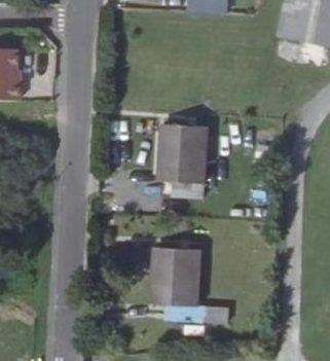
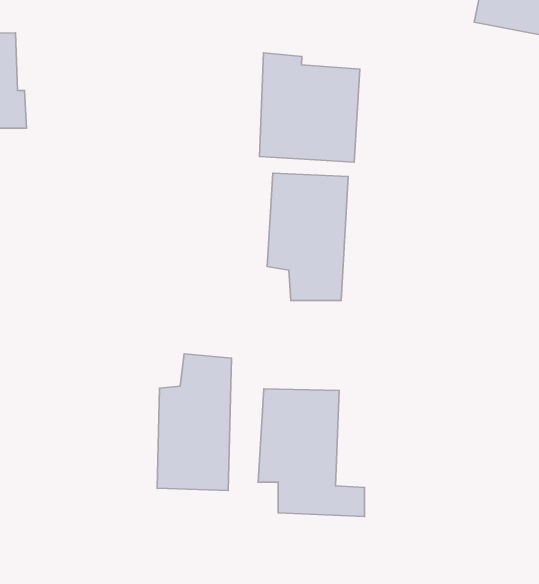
building: none -> [259,53,360,162]
building: none -> [157,354,231,491]

